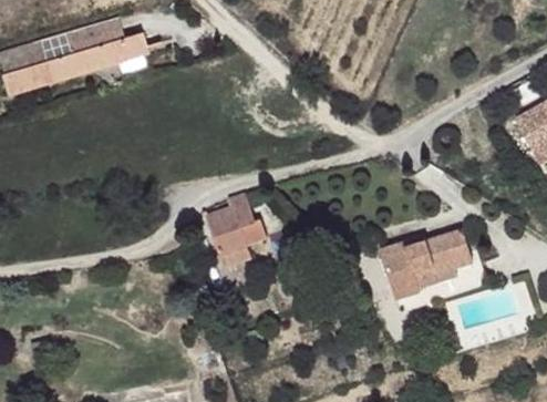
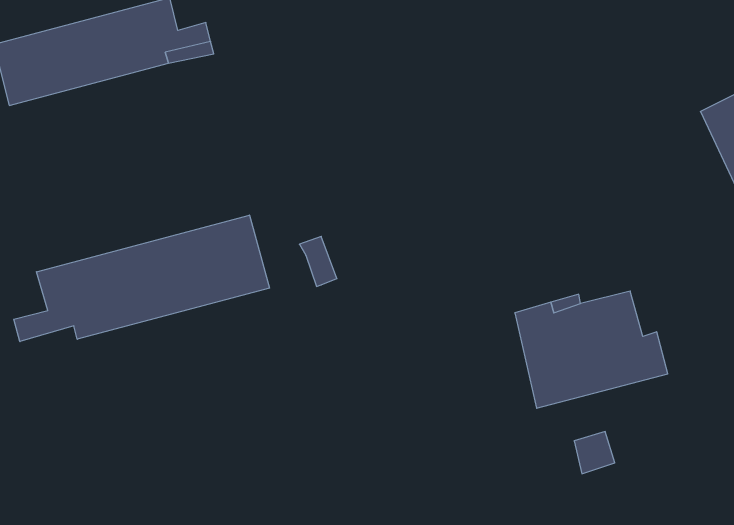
building: none -> [14,215,269,342]
building: [203,203,247,251] -> none

